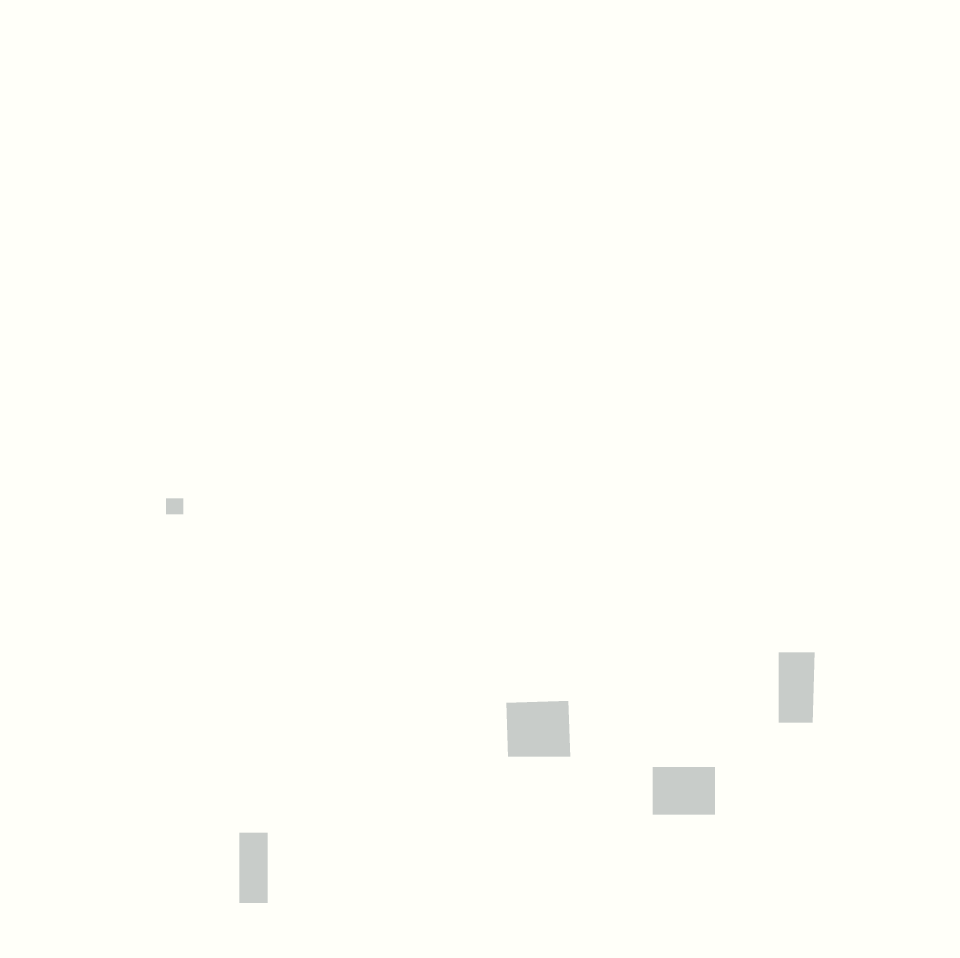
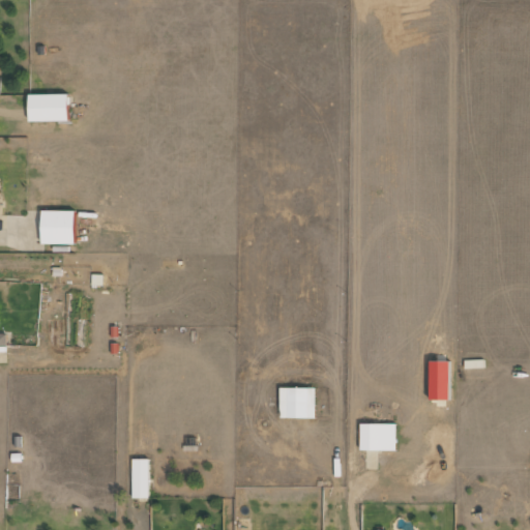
building: none -> [27,94,67,122]
building: none -> [40,210,73,244]

